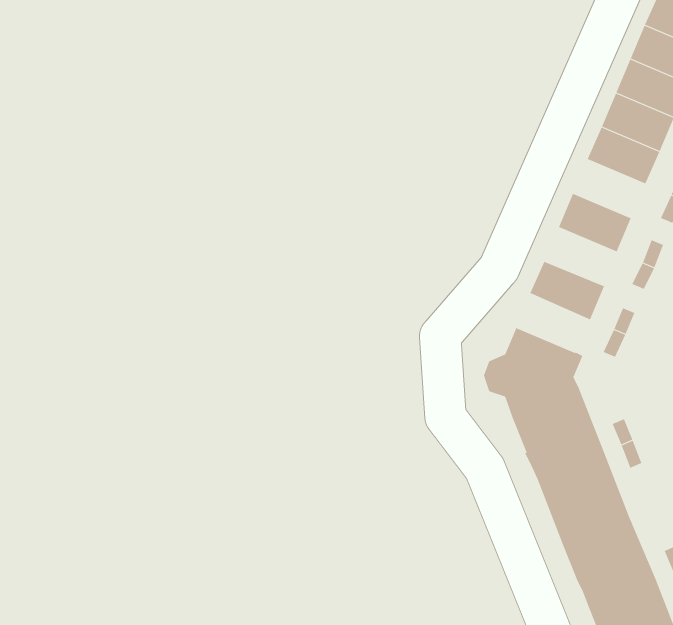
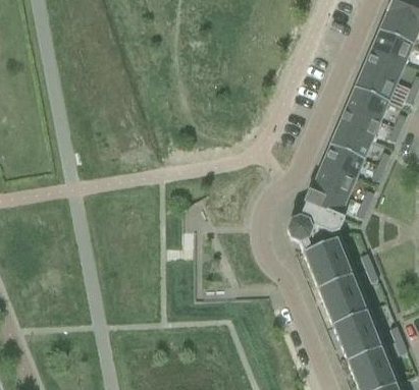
building: none -> [337,107,379,141]
building: none -> [321,146,363,179]
building: none -> [304,183,348,217]

